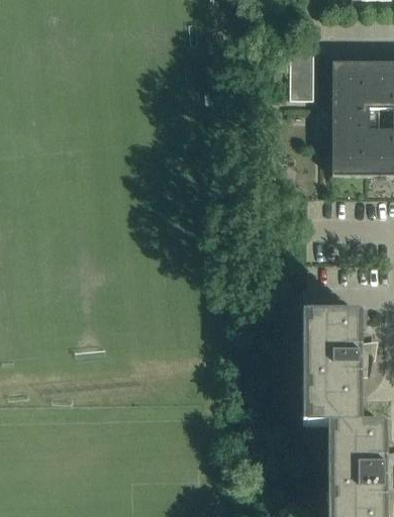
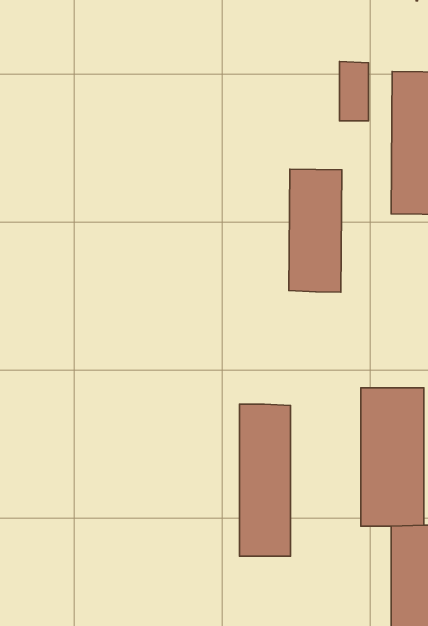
building: none -> [289,169,342,292]
building: none -> [240,404,291,556]

